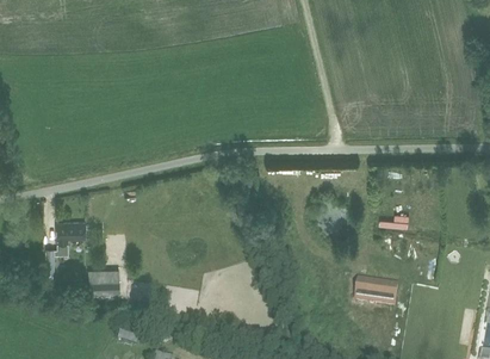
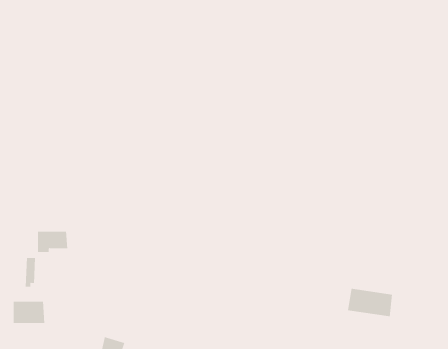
building: [87,271,118,292] -> [13,301,45,324]

